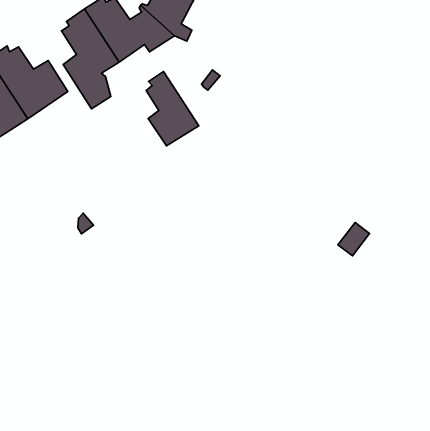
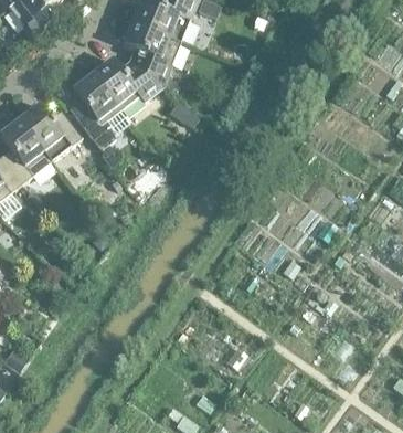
building: [146,72,199,146] -> none

